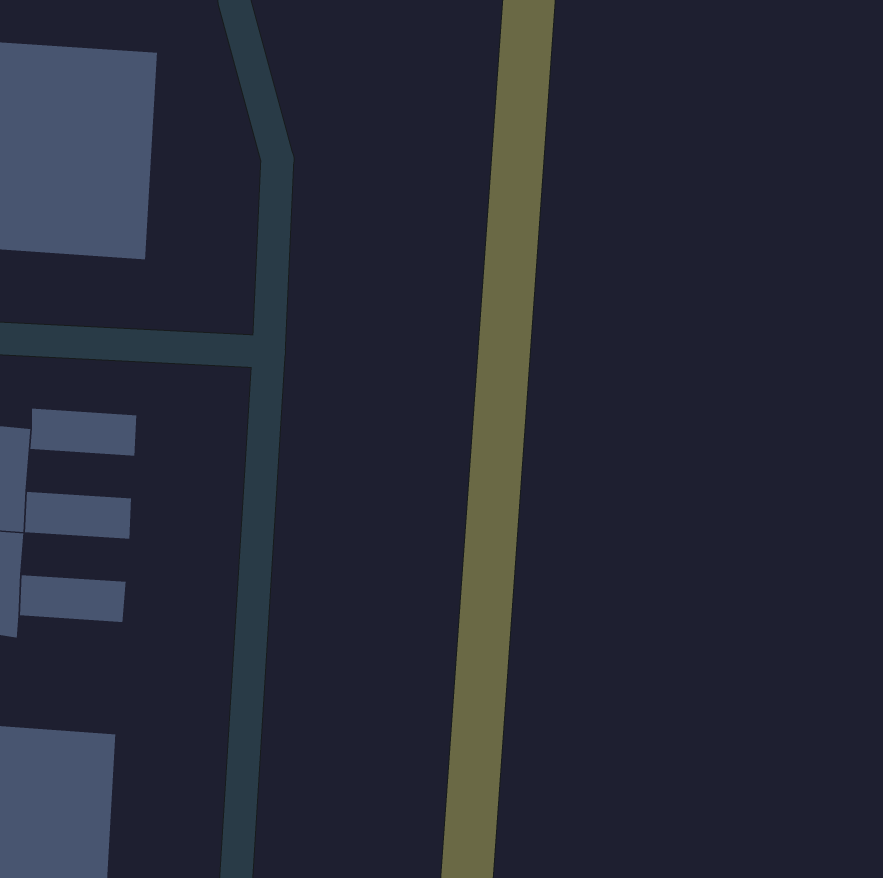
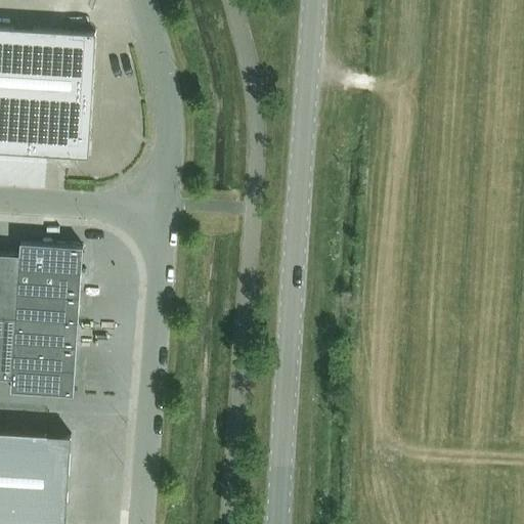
building: none -> [15,270,80,299]
building: none -> [12,319,77,348]
building: none -> [9,368,73,398]

